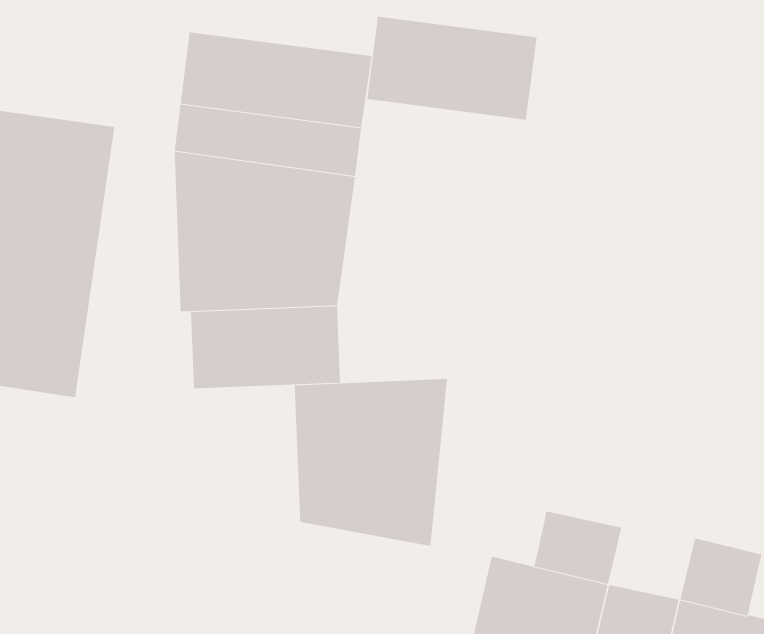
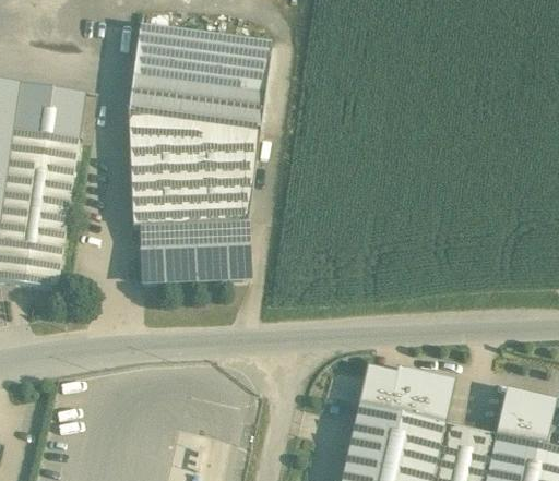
building: [367,16,537,121] -> none
building: [294,378,447,546] -> none
building: none -> [358,372,396,411]

